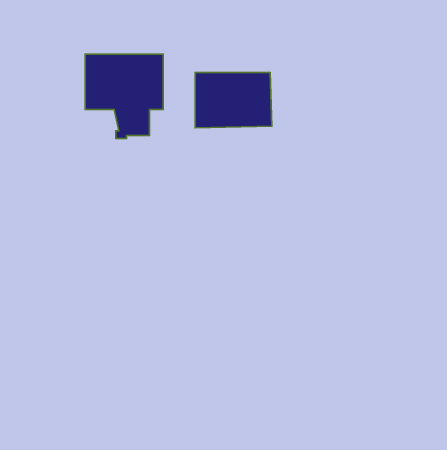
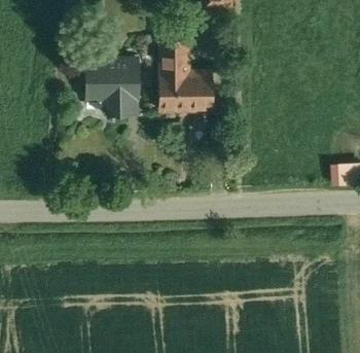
building: none -> [158,43,187,75]

